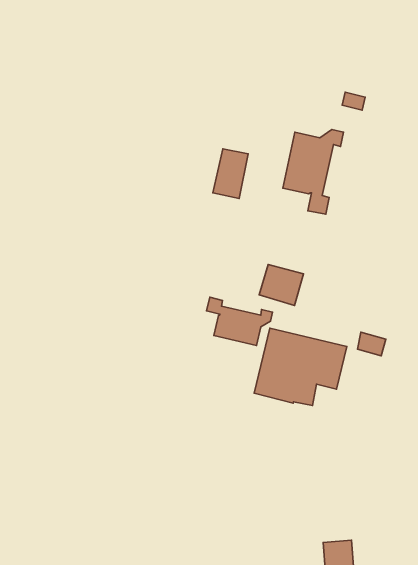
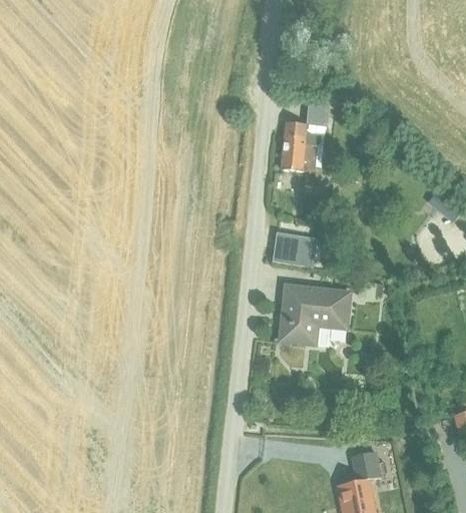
building: [213,149,248,198] -> none
building: [206,297,272,346] -> none

